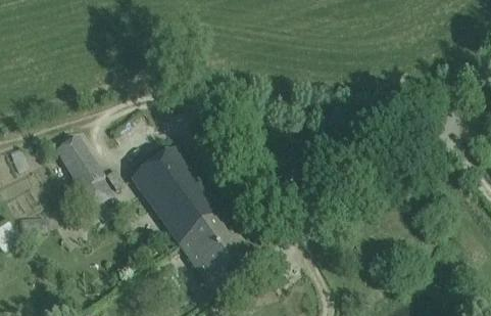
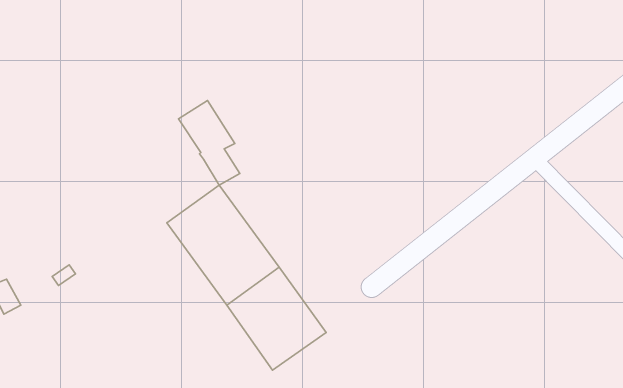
building: [54,135,102,201] -> [179,100,240,185]

